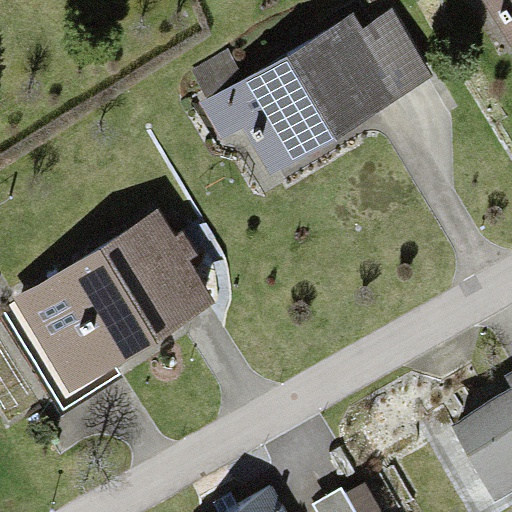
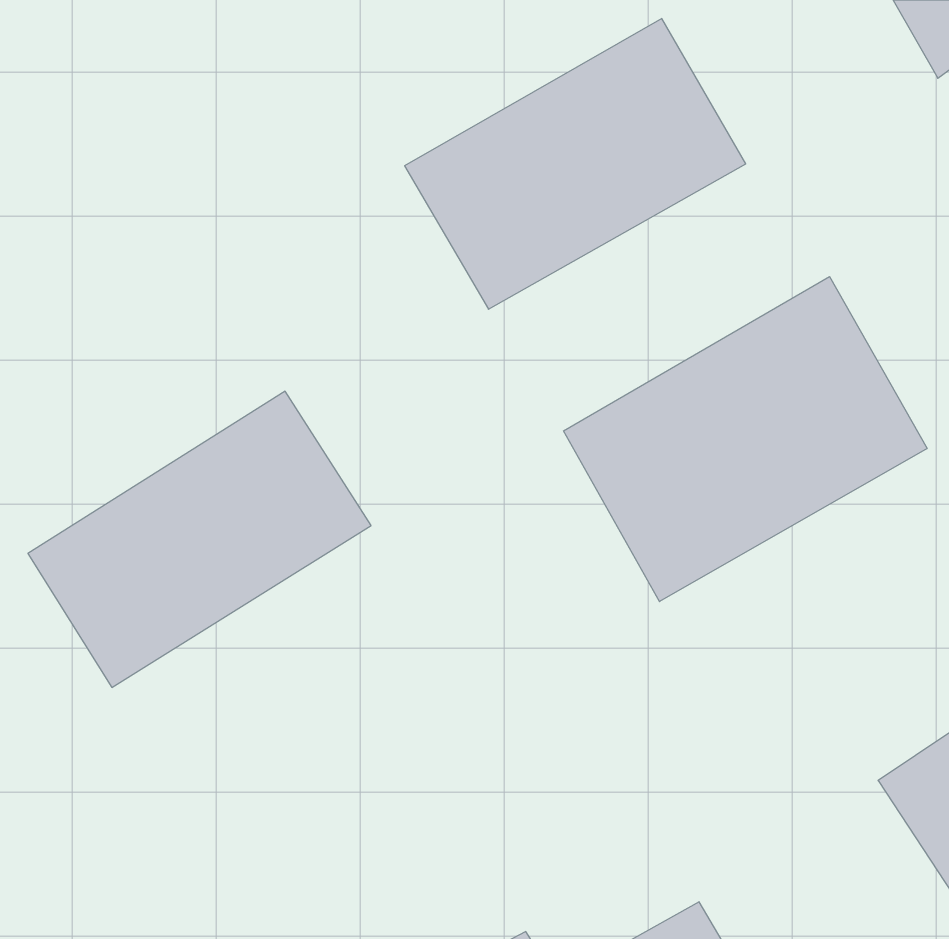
building: none -> [564,277,927,602]

